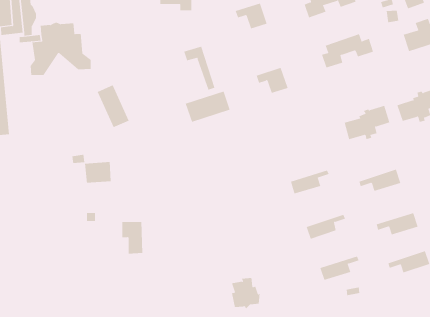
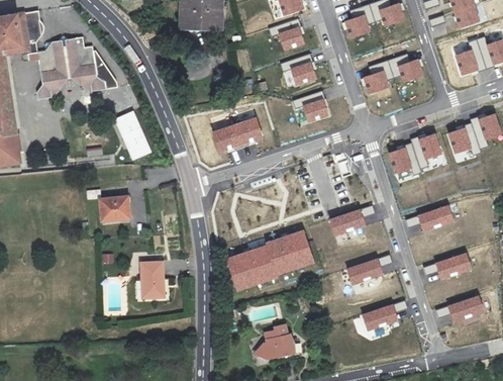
building: none -> [280,56,315,85]
building: [184,46,215,91] -> none
building: none -> [226,232,311,289]

